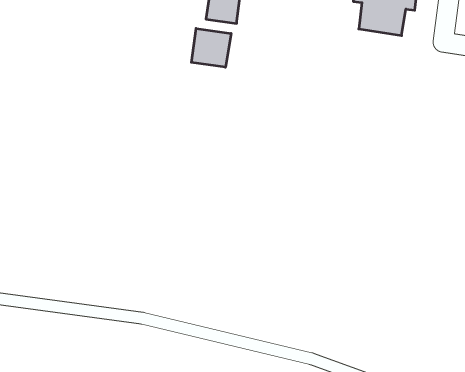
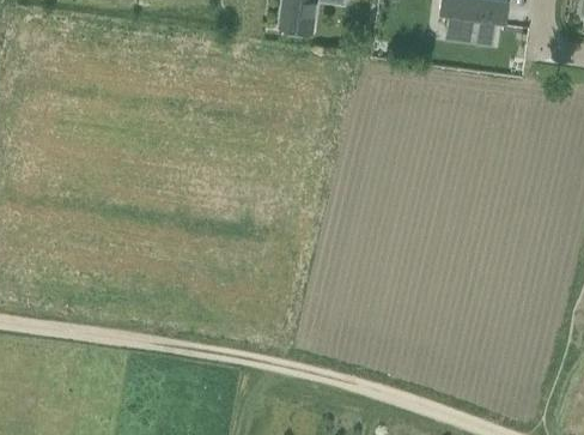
building: [191,28,231,67] -> none

